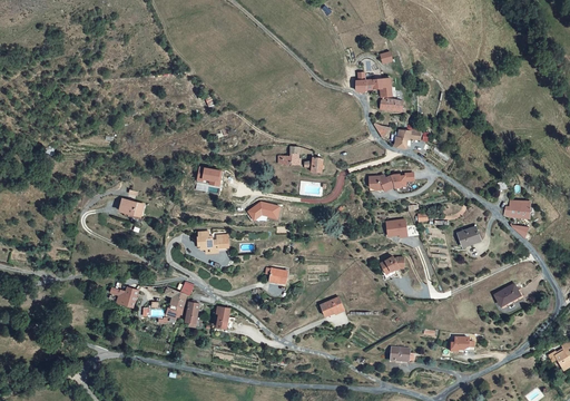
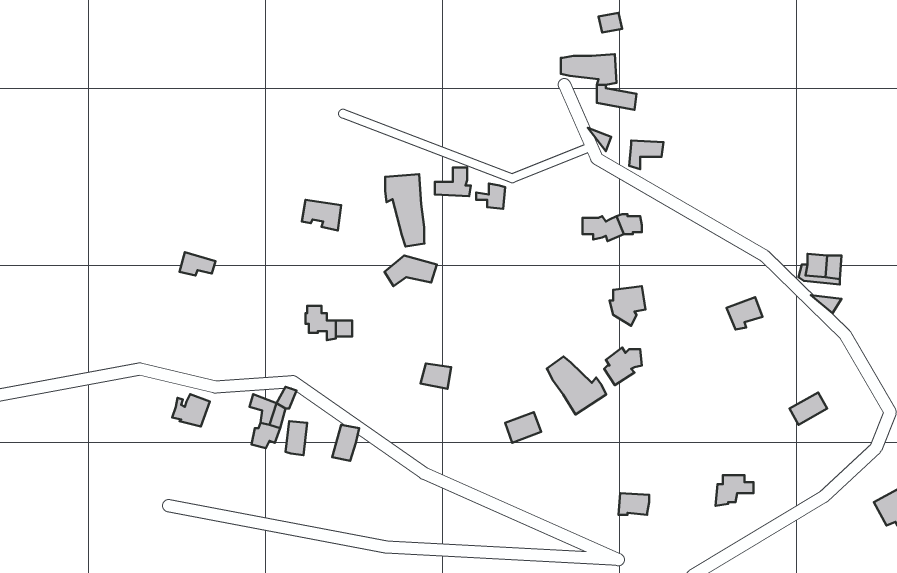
building: none -> [385,174,424,246]
building: none -> [547,357,606,414]

